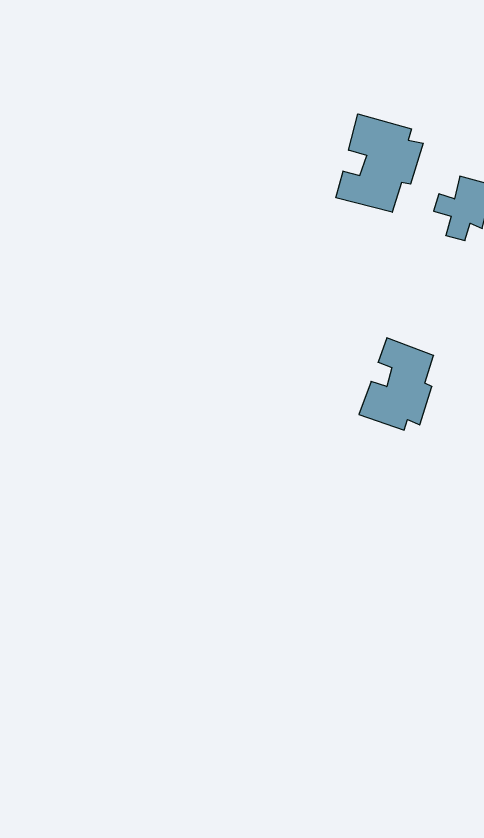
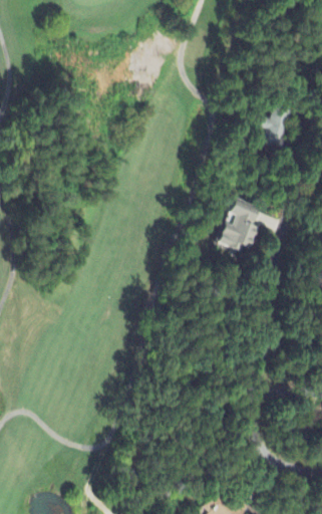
building: [336,114,423,212] -> none

